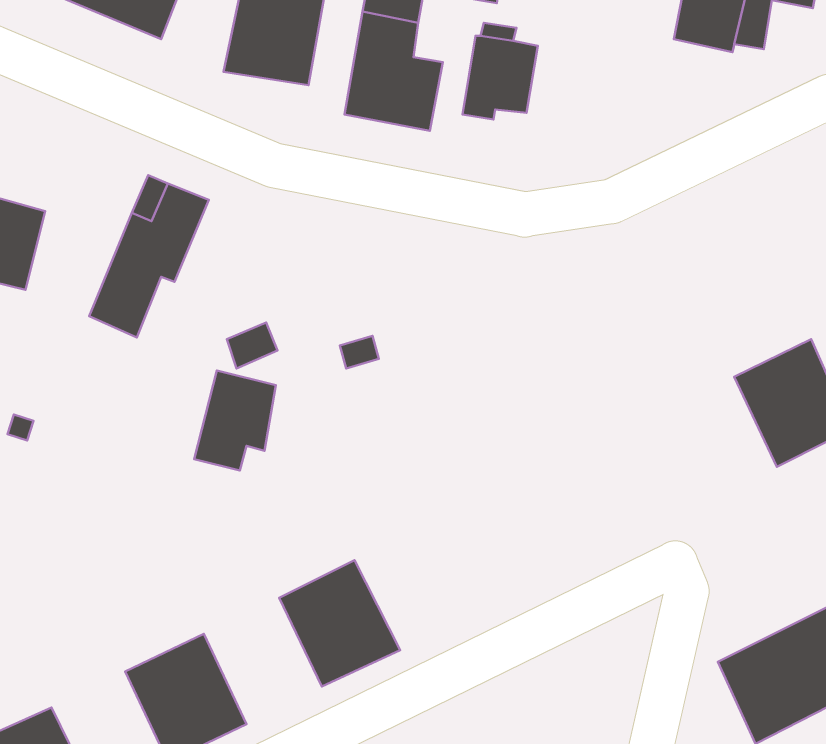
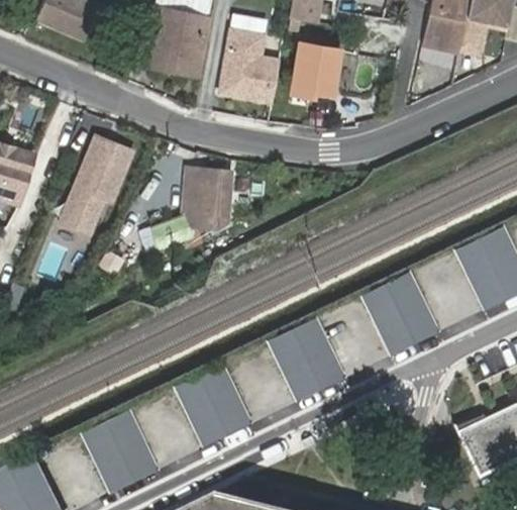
building: [194,371,276,471] -> [177,163,227,224]
building: none -> [366,277,439,354]
building: none -> [271,322,345,401]

